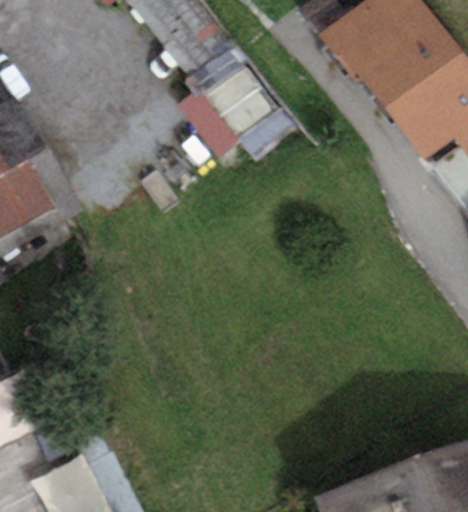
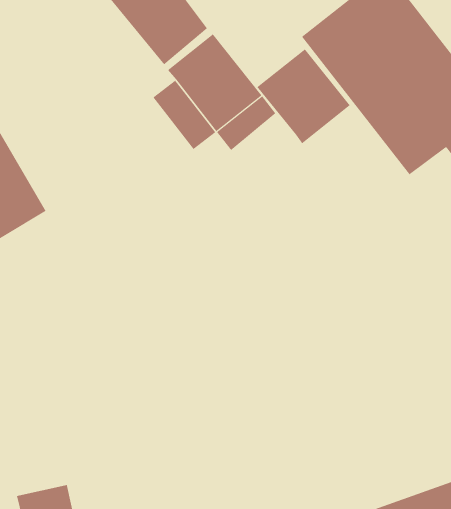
building: none -> [257,48,351,144]

